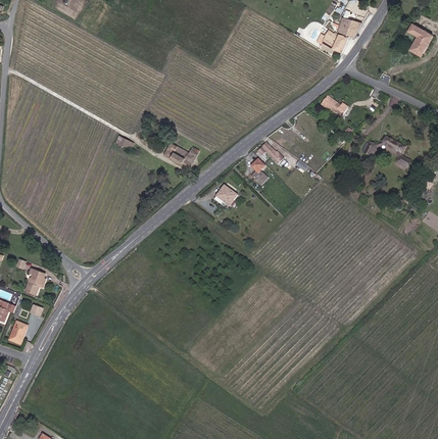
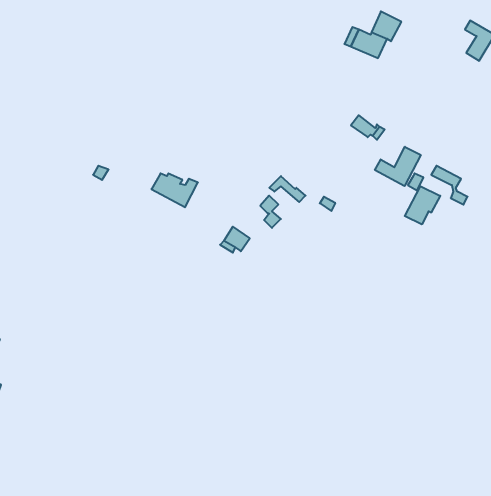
building: none -> [375,147,421,186]
building: none -> [405,186,440,224]

